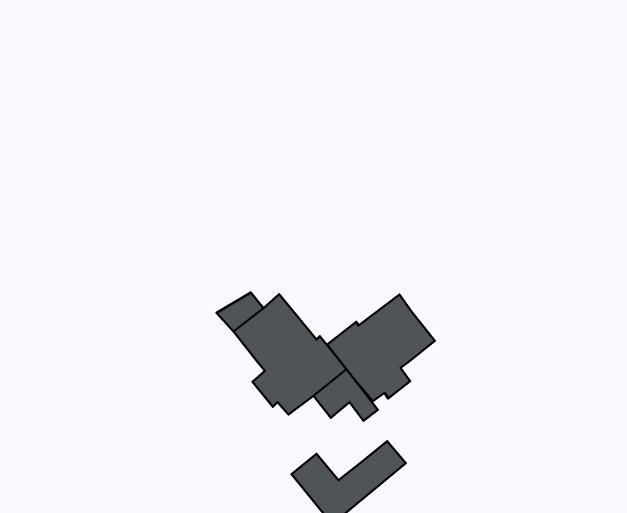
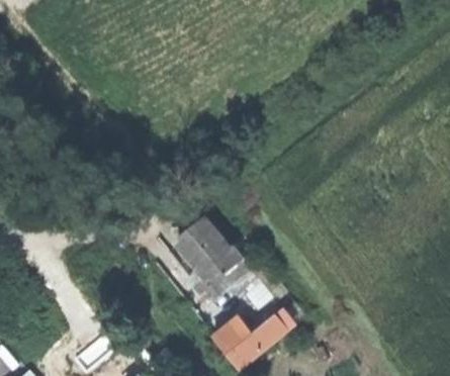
building: [327,294,435,401] -> none

